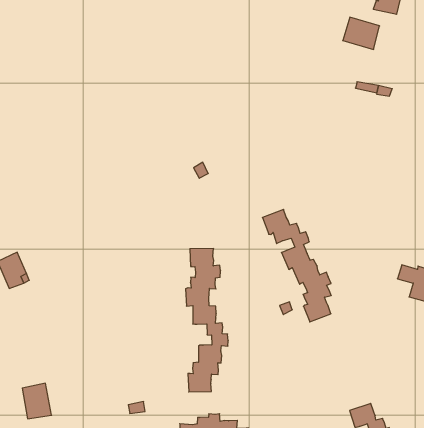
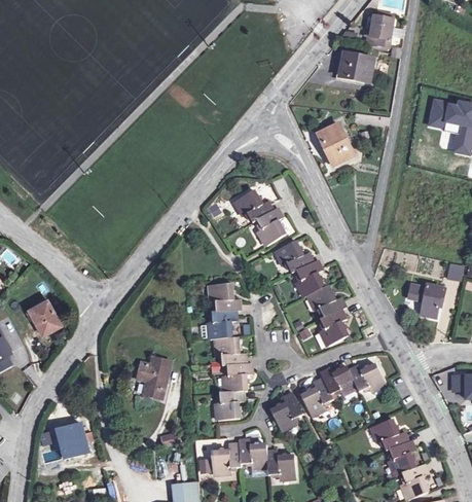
building: none -> [318,123,353,164]
building: none -> [233,189,285,245]
building: none -> [137,356,170,398]
building: none -> [300,363,384,415]
building: none -> [269,392,302,429]

